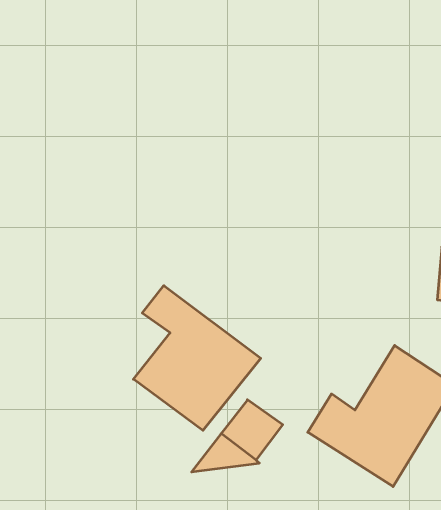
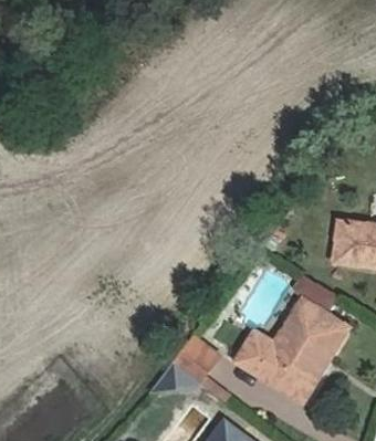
building: [133,286,261,430] -> none

